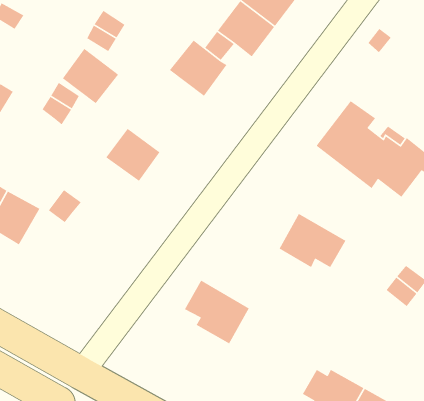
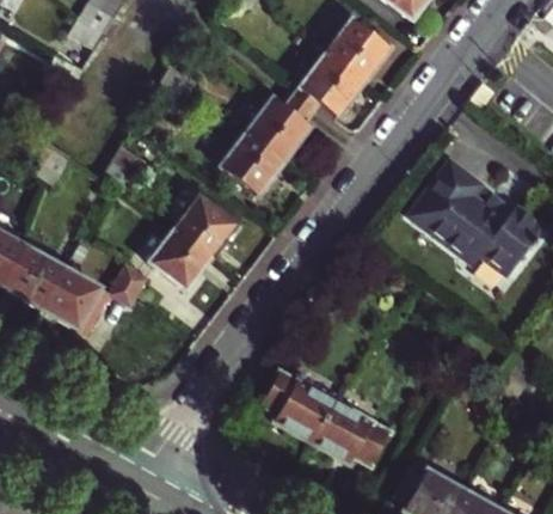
building: [62,48,119,104] -> [220,131,284,195]
building: none -> [149,230,211,290]
building: [278,213,346,268] -> [313,399,389,461]

